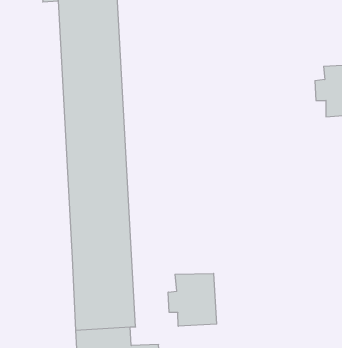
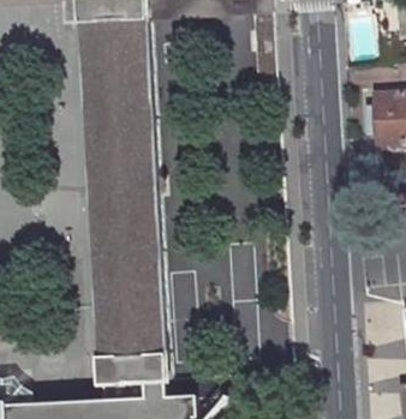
building: [168,273,217,326] -> none

